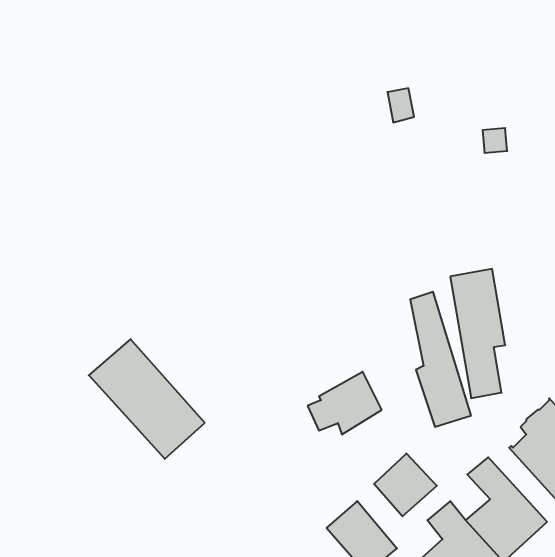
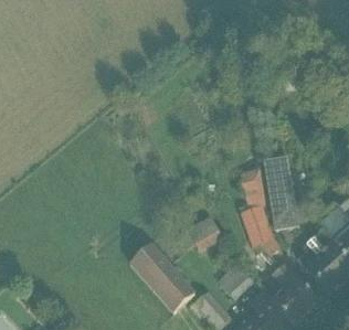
building: [89,339,205,459] -> [129,243,197,312]

